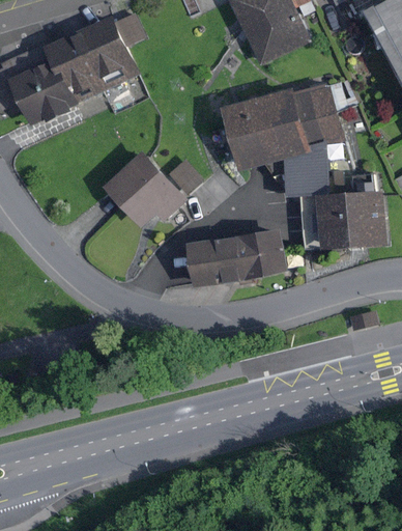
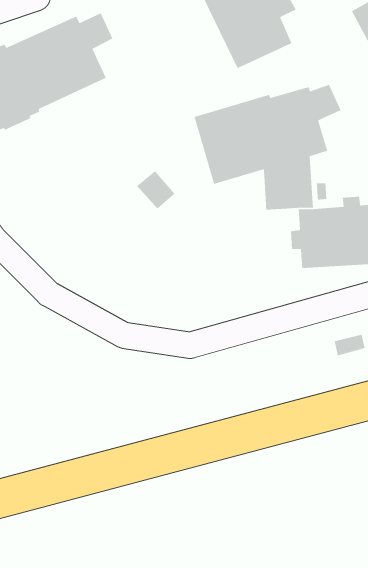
building: [102,151,186,229] -> none
building: [186,228,287,288] -> none

